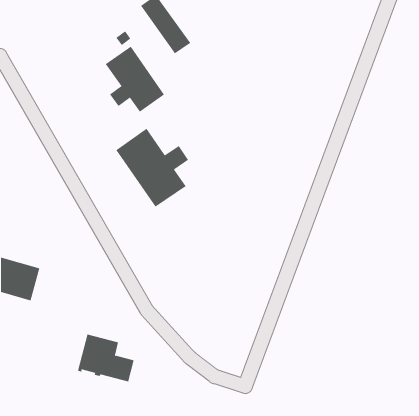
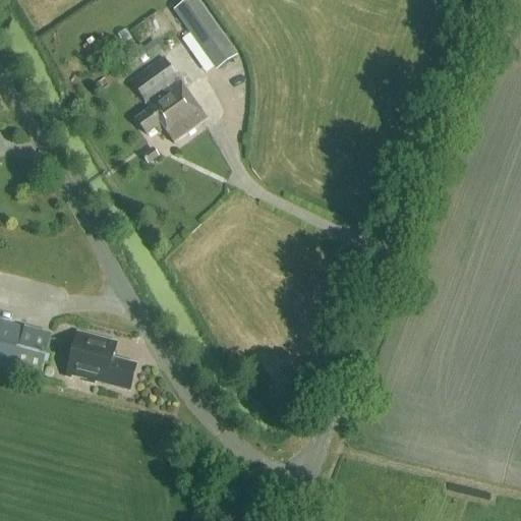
building: [115,128,189,208] -> none
building: [77,334,135,382] -> [65,329,136,389]

